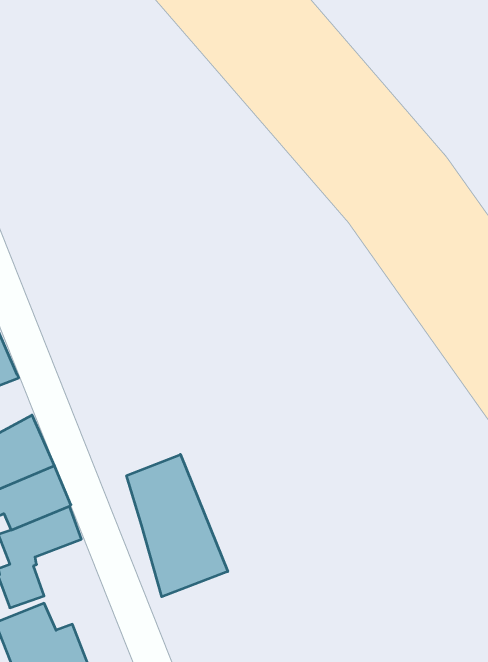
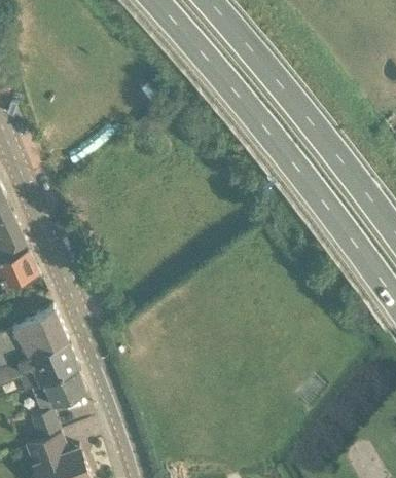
building: [127,454,228,597] -> none

